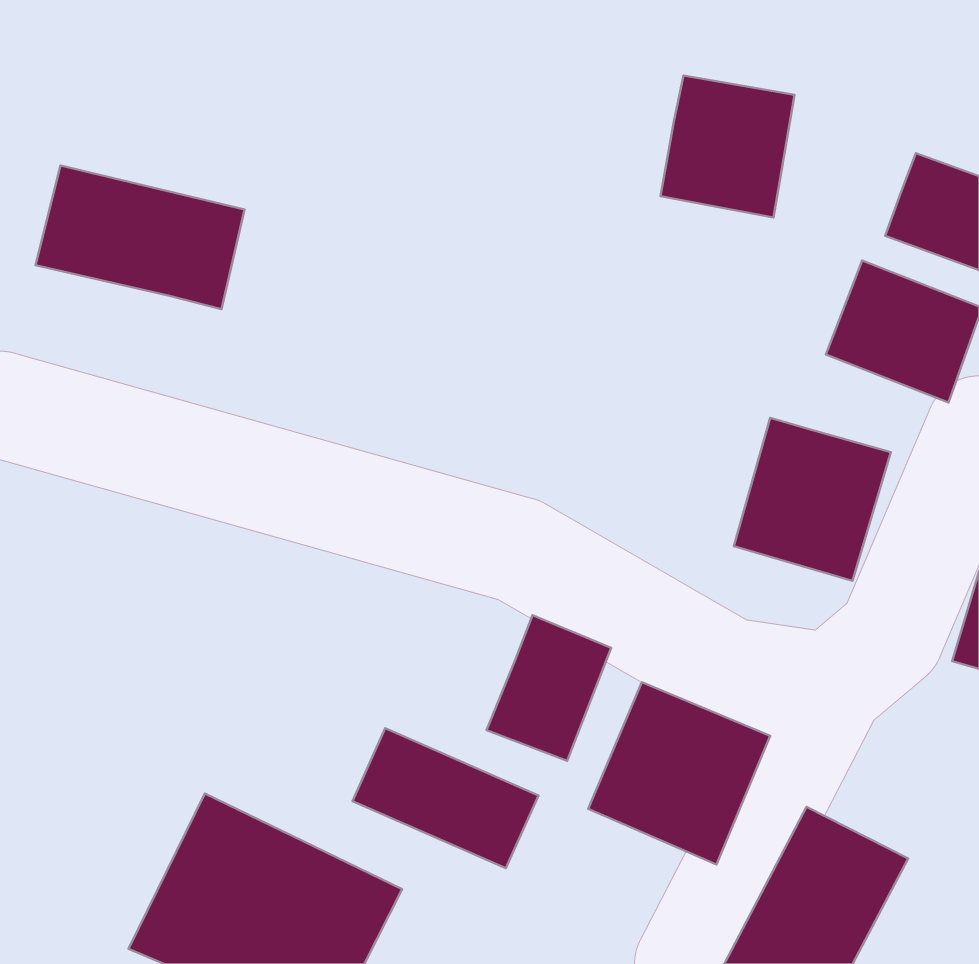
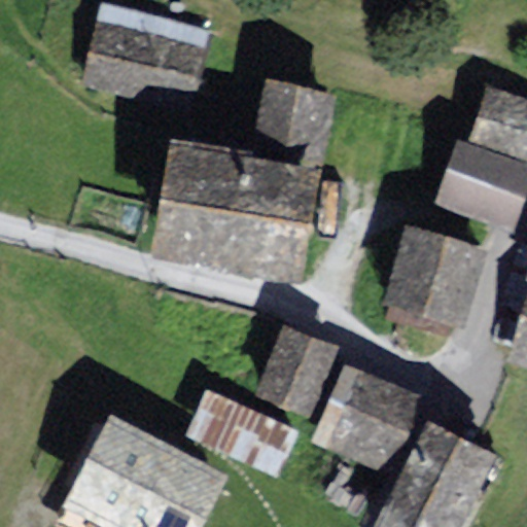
building: [660,76,794,217] -> [254,84,326,161]
building: [36,165,244,309] -> [89,19,201,96]
building: none -> [159,148,309,270]

